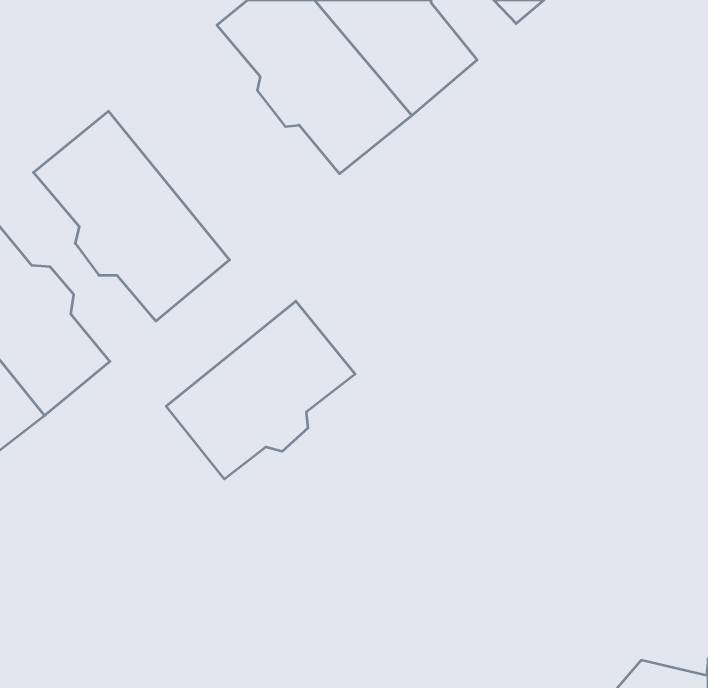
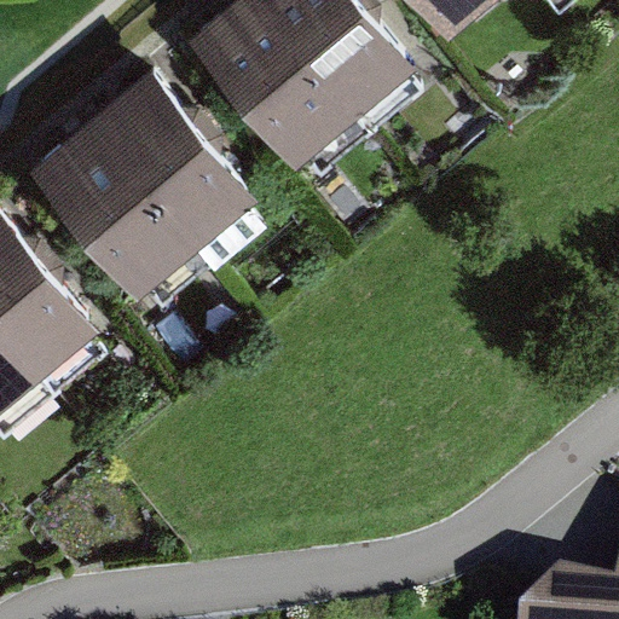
building: none -> [94,70,256,245]
building: [166,301,355,479] -> none

